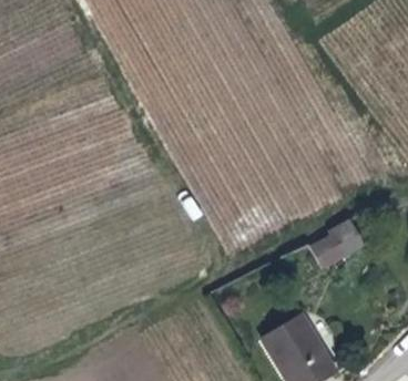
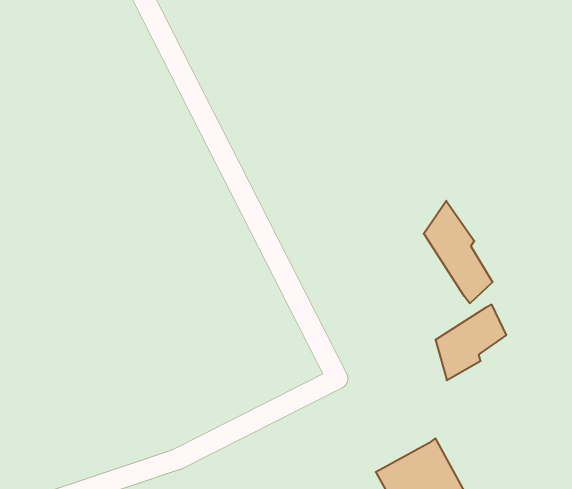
building: none -> [424,201,493,303]

